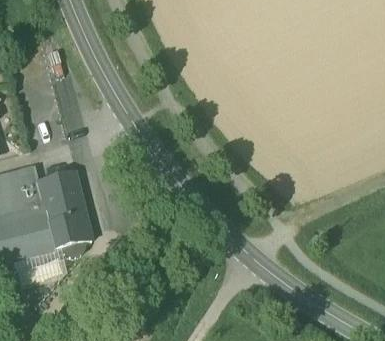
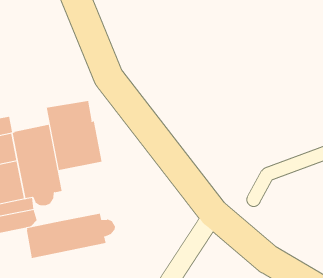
building: none -> [46,100,102,171]
building: none -> [26,213,115,259]

